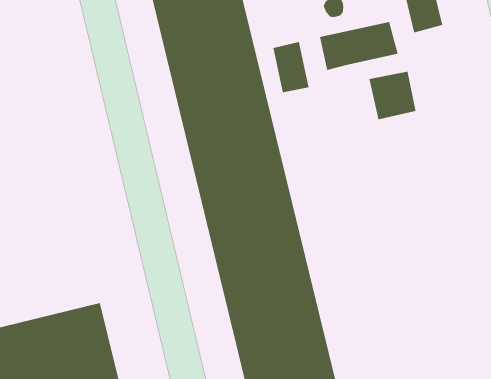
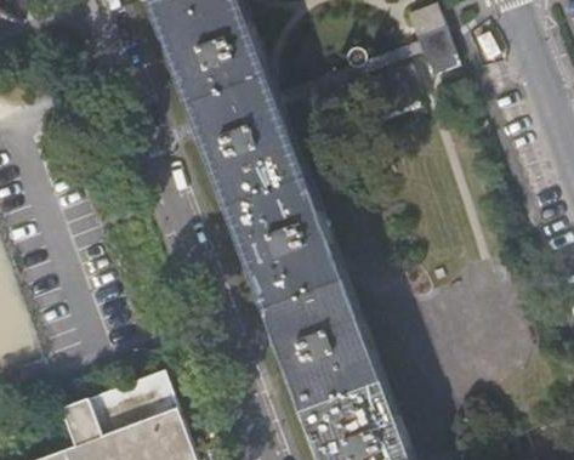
building: [273,41,309,93] -> none
building: [369,71,416,120] -> none

